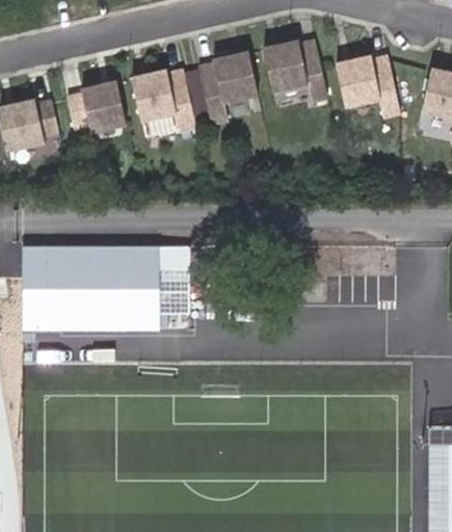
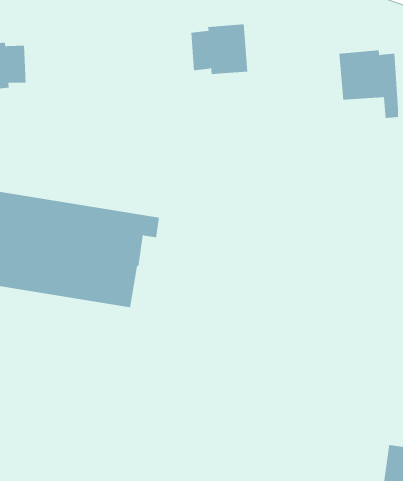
building: [264,45,326,105] -> none
building: [131,73,195,133] -> none
building: [69,83,126,132] -> none

